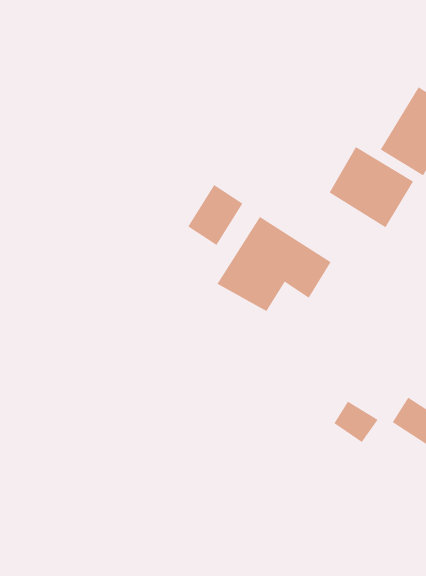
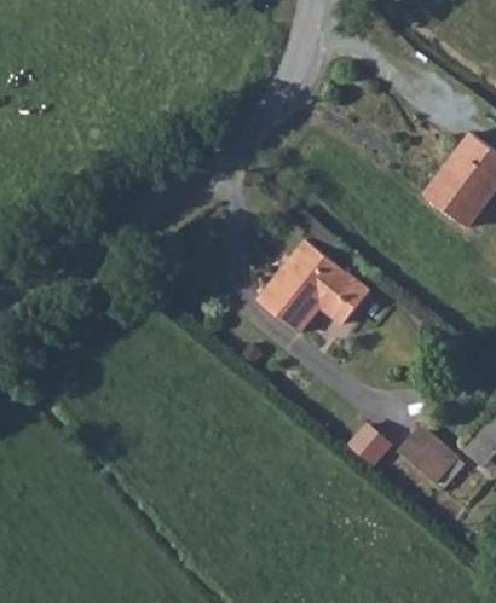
building: [329,146,414,228] -> none
building: [187,184,243,246] -> none

